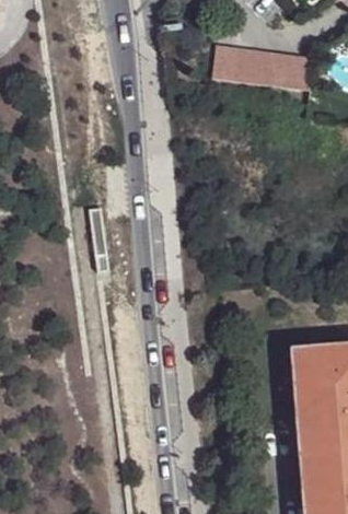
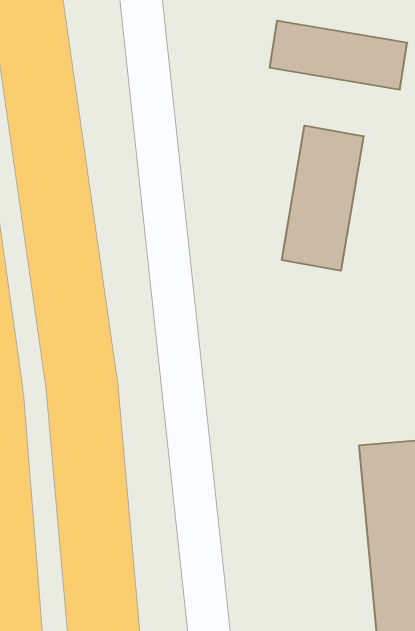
building: none -> [282,126,364,271]

